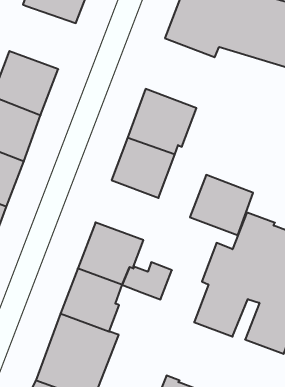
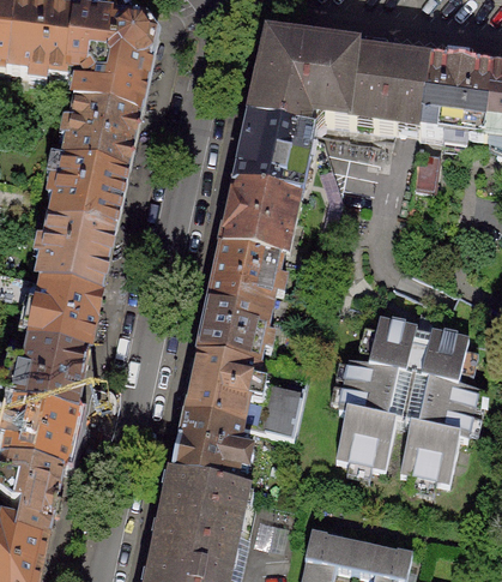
building: none -> [63,98,139,169]
building: none -> [235,113,313,192]
building: [190,175,253,235] -> [198,294,270,361]

